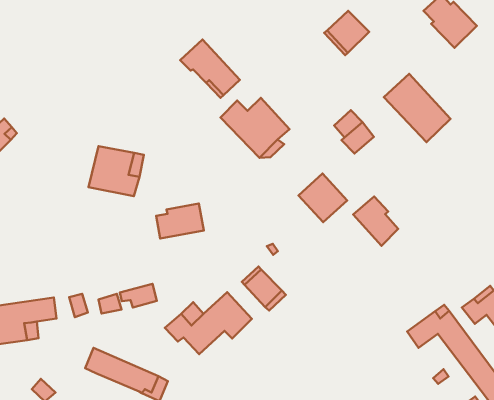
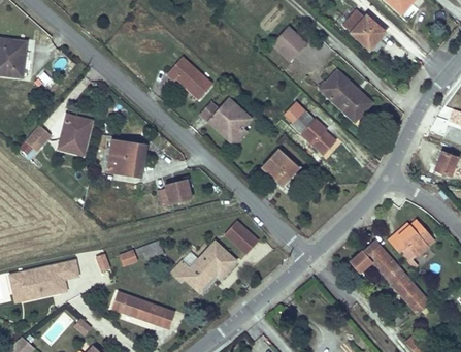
building: none -> [58,117,92,157]
building: [353,196,398,246] -> [301,119,335,155]

